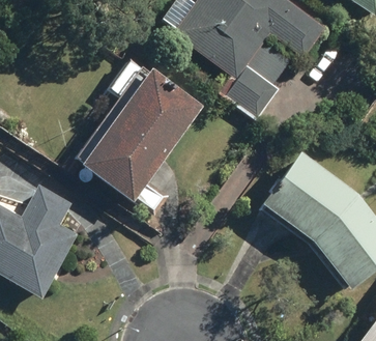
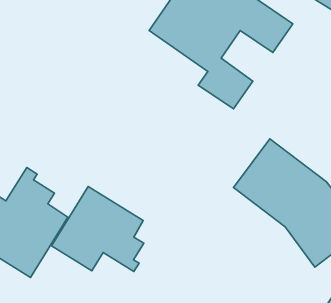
building: [84,55,206,203] -> none
building: none -> [51,186,144,271]

